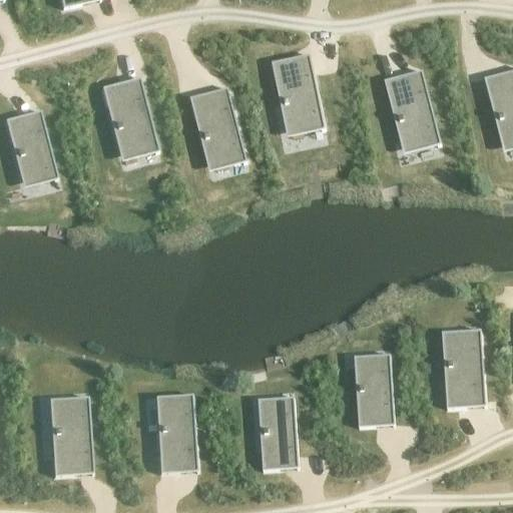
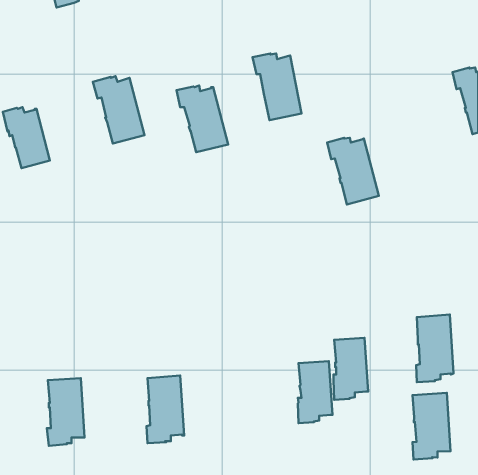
building: [383,74,438,145] -> [327,138,379,204]
building: [260,404,297,470] -> [298,361,332,423]
building: none -> [412,393,451,459]

